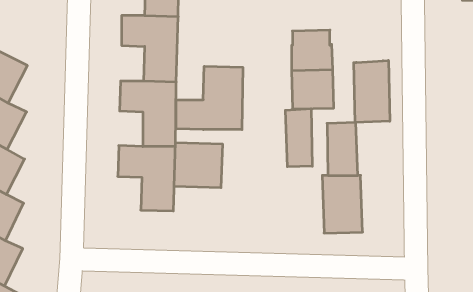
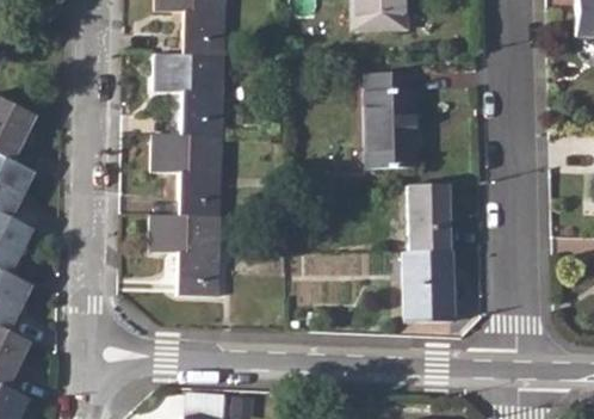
building: [354,60,390,122] -> none
building: [176,66,243,130] -> none
building: [285,109,312,167] -> none
building: [174,143,222,188] -> none

